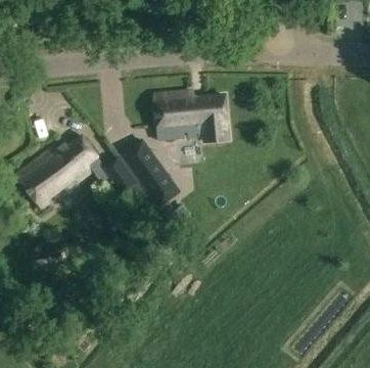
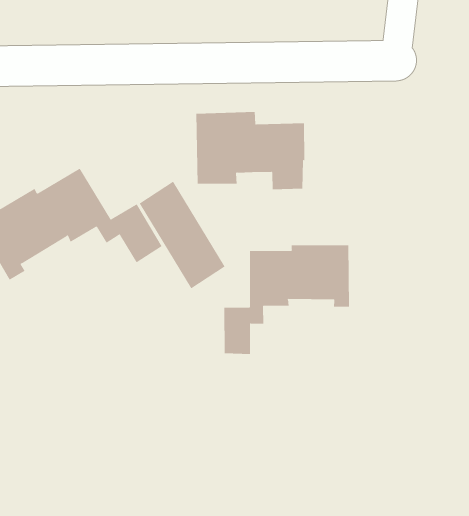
building: none -> [224,245,350,355]

